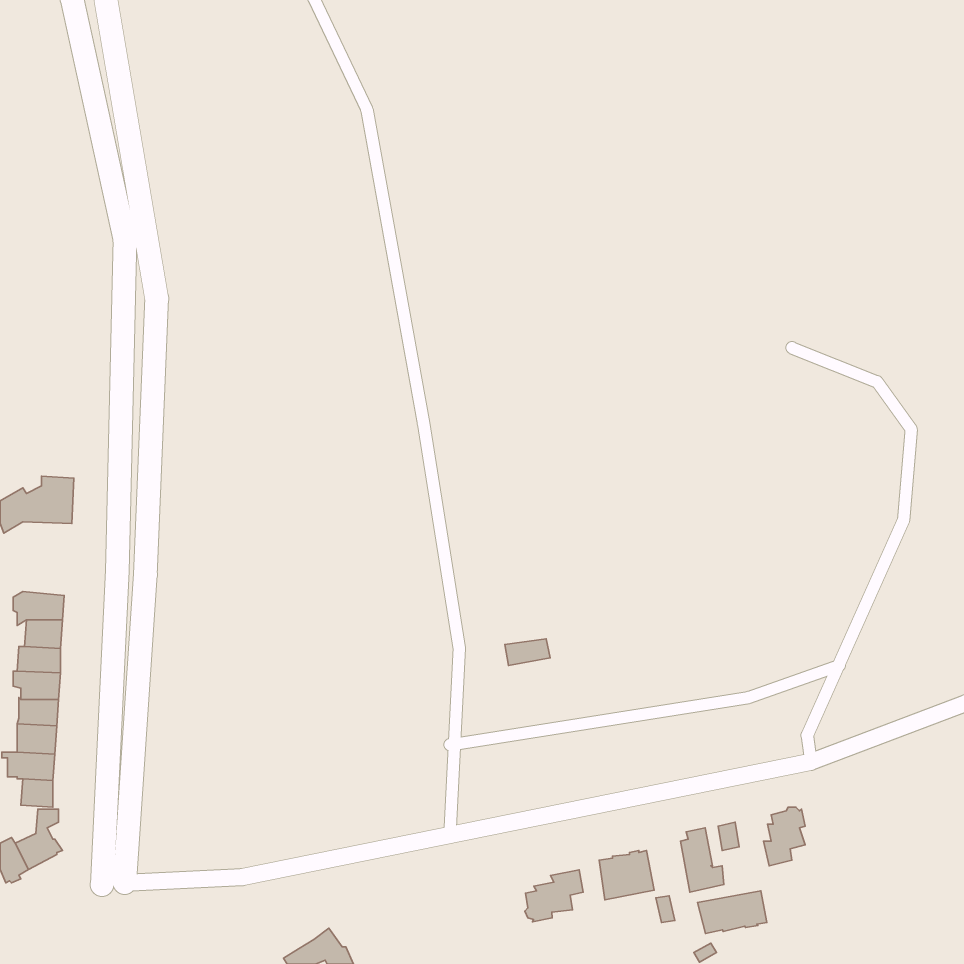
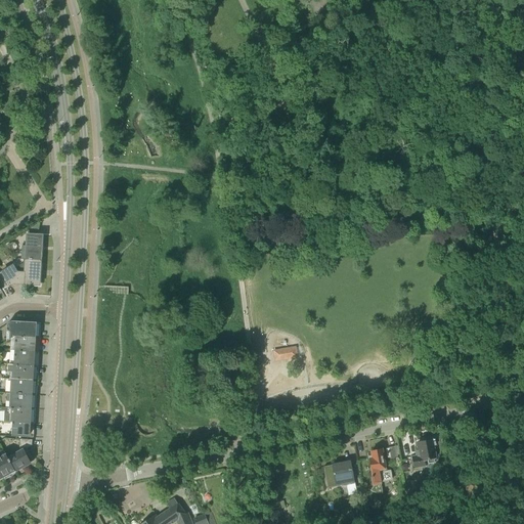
building: none -> [24,234,43,259]
building: [525,870,583,922] -> none
building: [697,891,767,934] -> none

